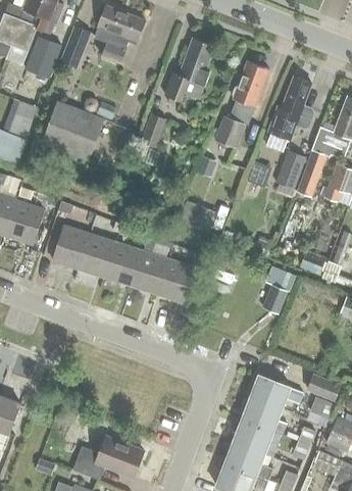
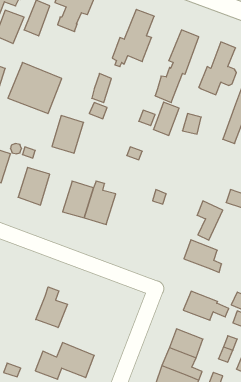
building: [275,150,306,190] -> [153,102,179,135]
building: [79,234,116,279] -> [52,116,84,153]
building: [157,257,195,303] -> none
building: none -> [36,287,67,328]
building: [241,396,286,435] -> [184,240,222,272]

